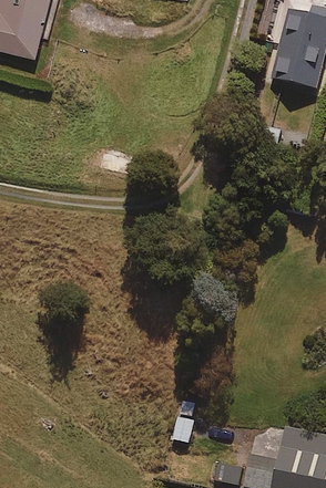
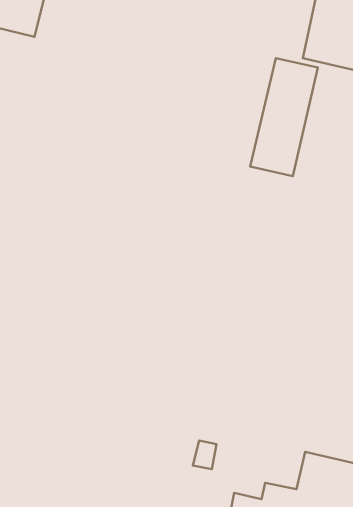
building: none -> [250,58,318,176]

